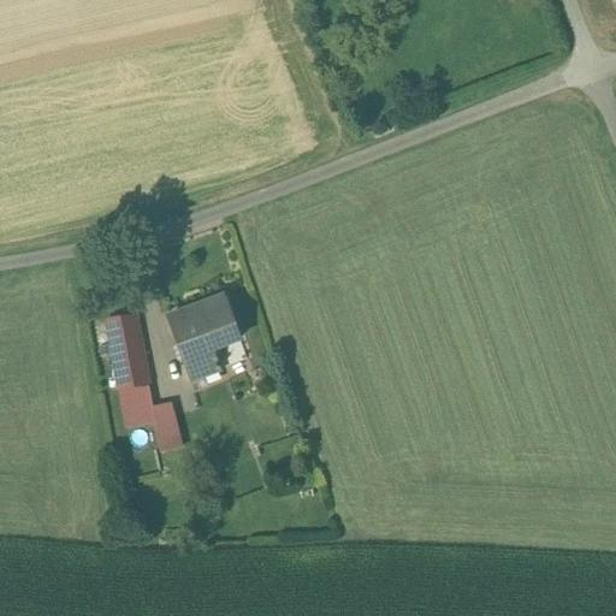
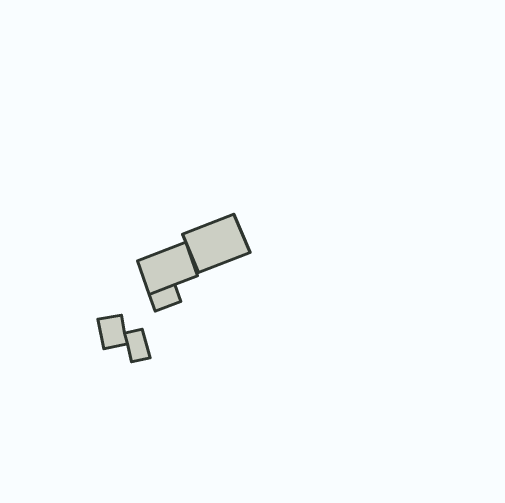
building: none -> [182,214,250,273]
building: [107,322,148,389] -> none

